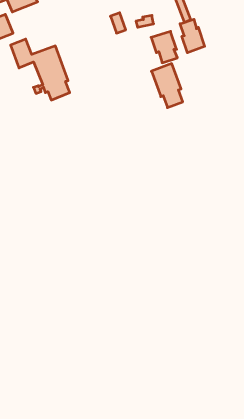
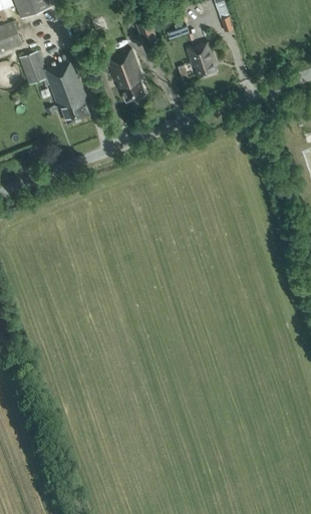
building: [180,19,205,53] -> none
building: [151,64,183,108] -> [107,49,144,101]

